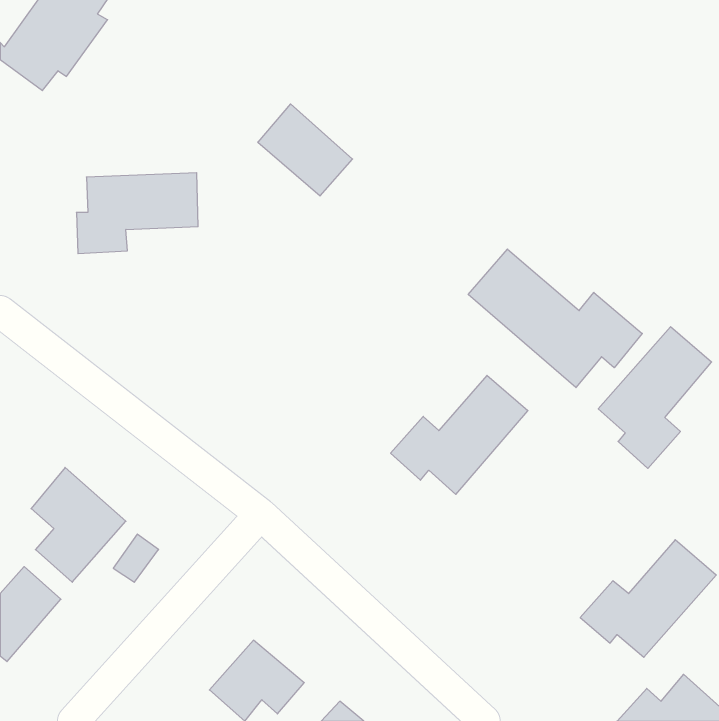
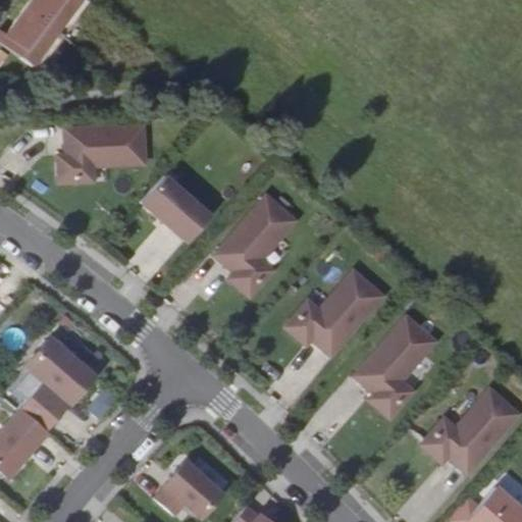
building: [258,104,353,196] -> [141,174,209,241]
building: [468,249,642,388] -> none
building: none -> [215,194,297,296]
building: [598,327,712,468] -> [354,316,435,418]

